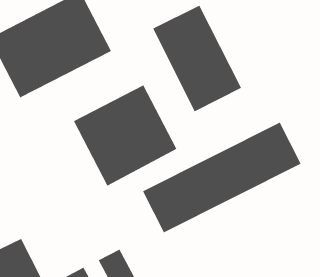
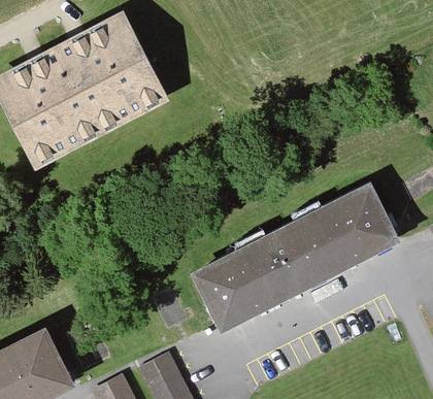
building: [153,5,242,112] -> none
building: [73,84,177,186] -> none

